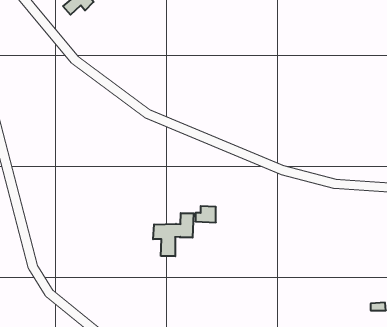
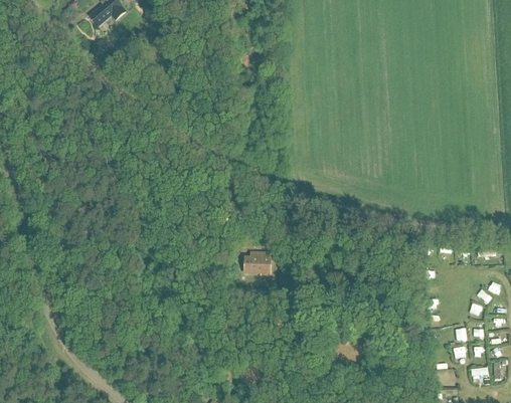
building: [153,213,194,256] -> none

